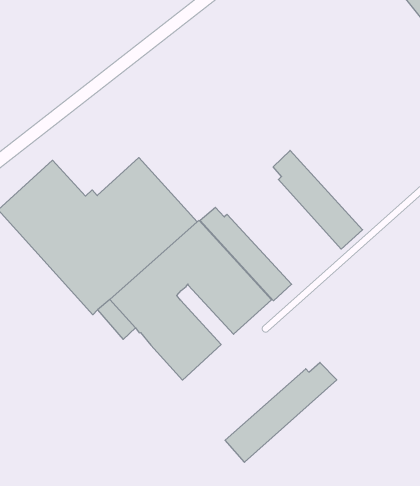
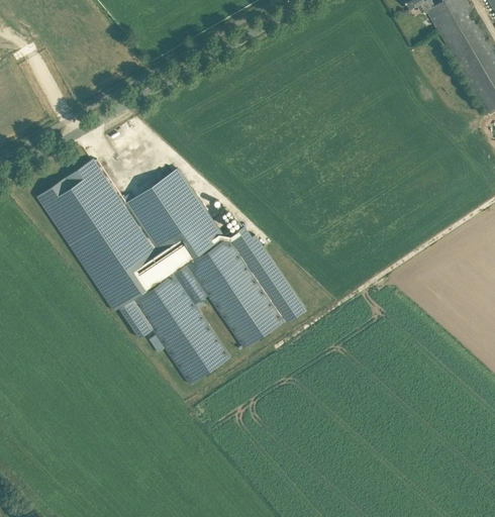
building: [273,150,363,249] -> none
building: [225,362,337,462] -> none

